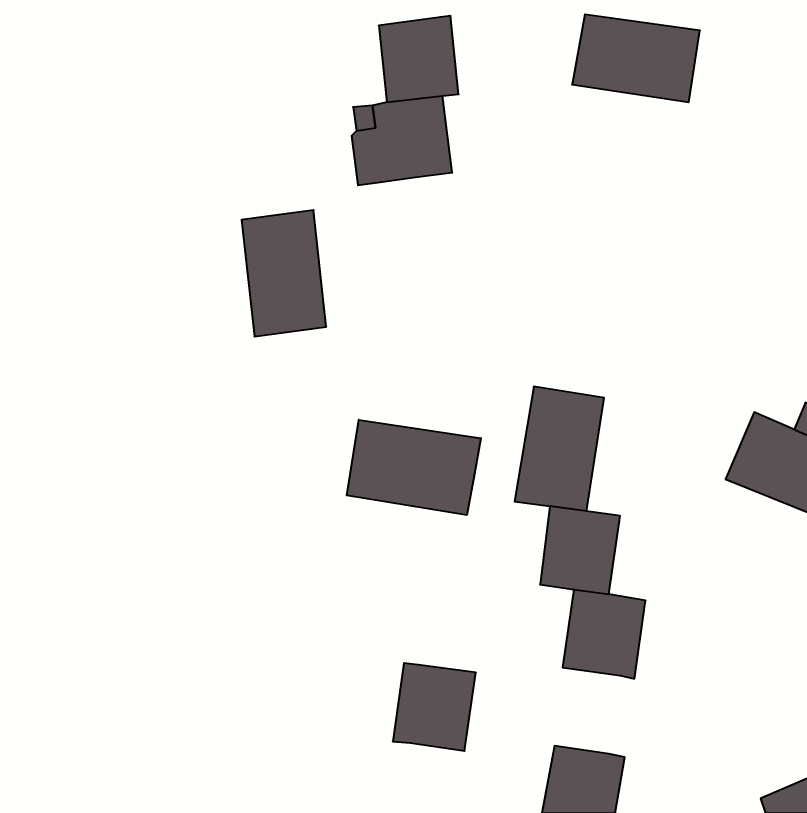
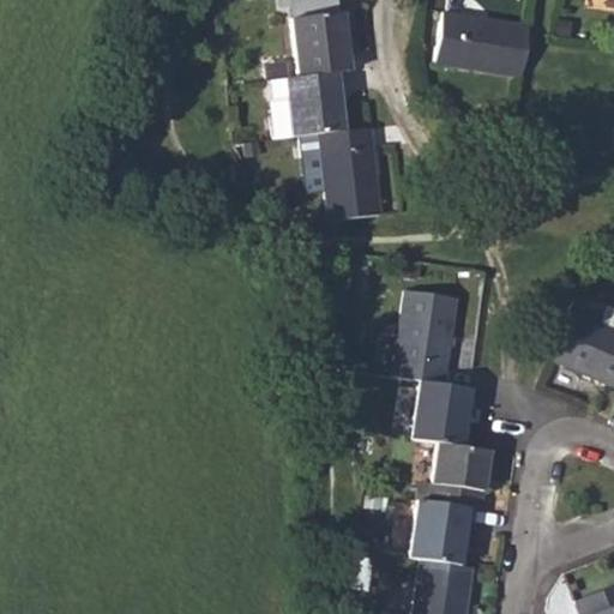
building: [242,210,326,336] -> [319,126,383,221]
building: [347,420,481,515] -> none
building: [393,663,476,751] -> [410,500,472,566]

